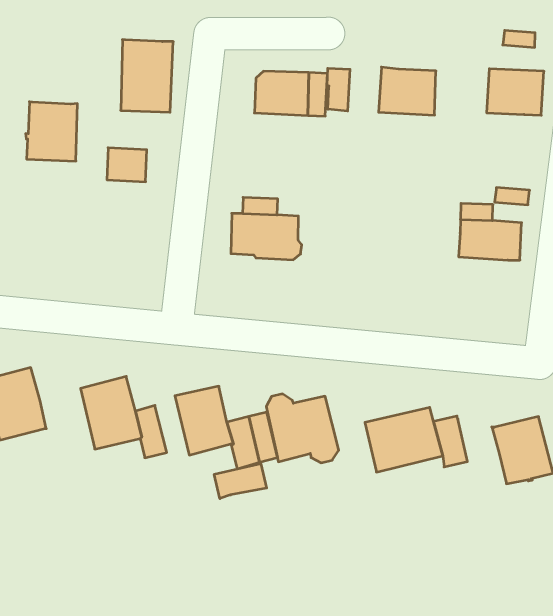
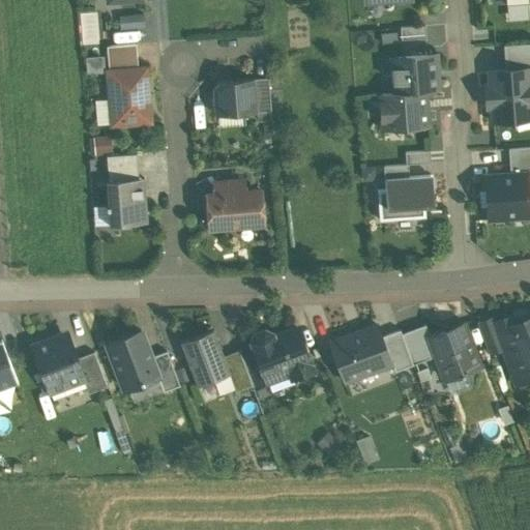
building: none -> [107,47,138,72]
building: [379,67,436,115] -> [381,93,426,130]
building: [327,68,350,111] -> none
building: [26,102,77,161] -> [106,179,147,227]
building: none -> [377,190,424,222]
building: none -> [77,353,107,394]
building: none -> [401,326,436,366]
building: [214,464,267,499] -> none

